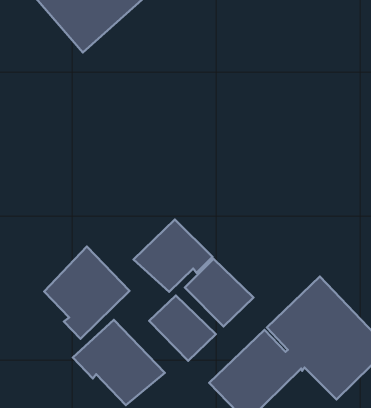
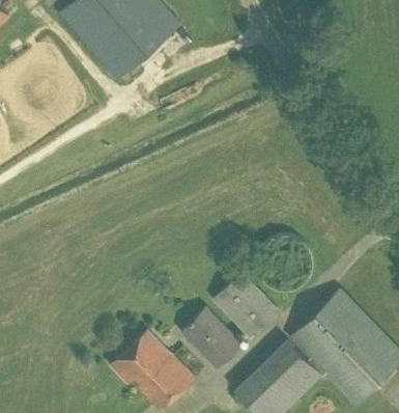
building: [134,219,213,292] -> none
building: [44,246,129,339] -> none

